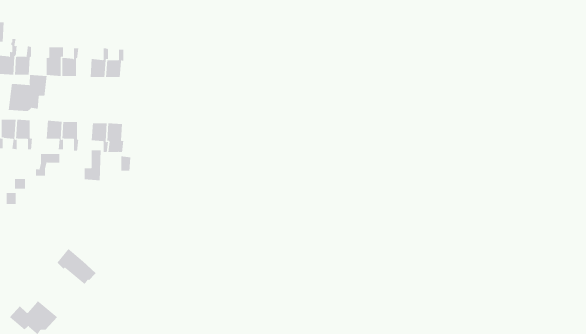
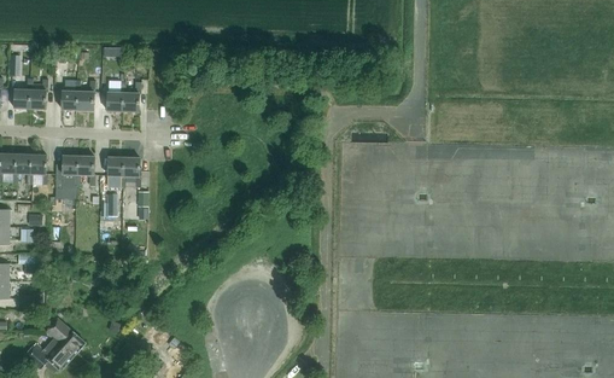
building: [8,74,47,112] -> none
building: [56,248,97,285] -> [43,318,84,355]

